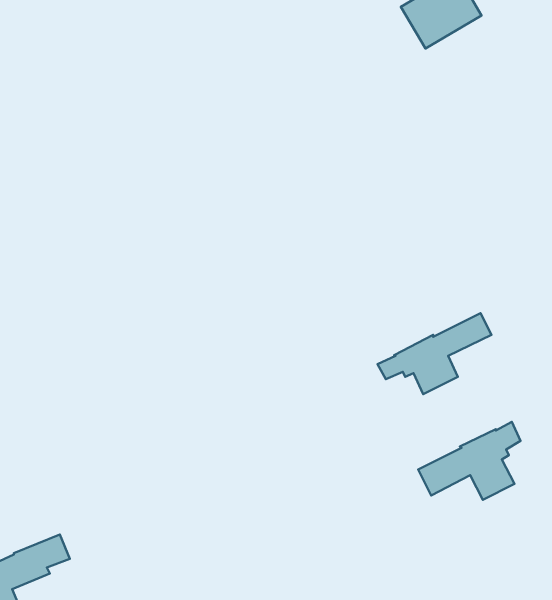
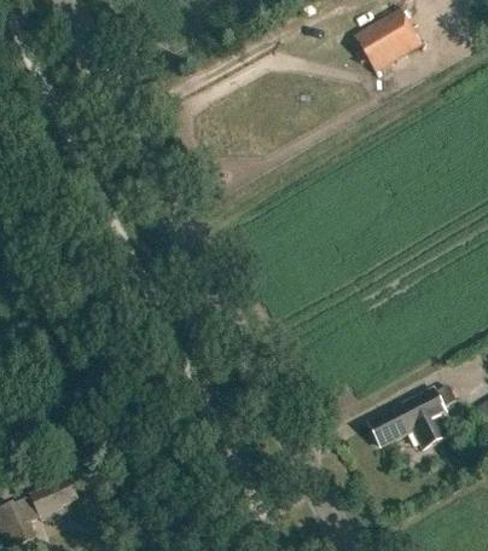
building: [377,313,491,394] -> none

